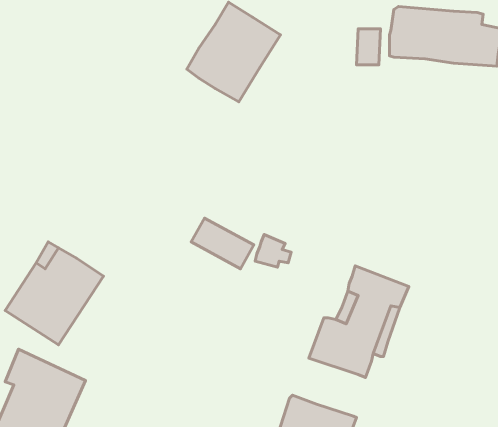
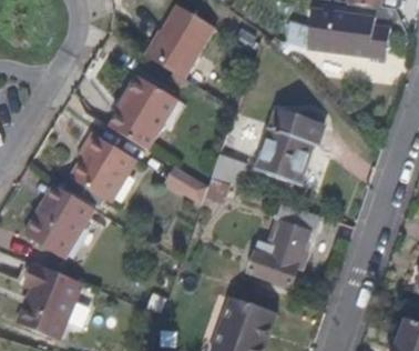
building: none -> [114,77,184,152]
building: none -> [255,111,321,184]
building: none -> [70,128,136,199]

